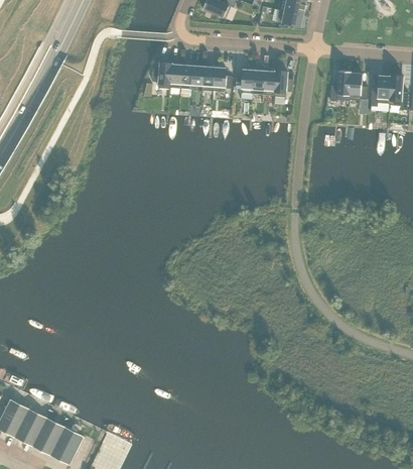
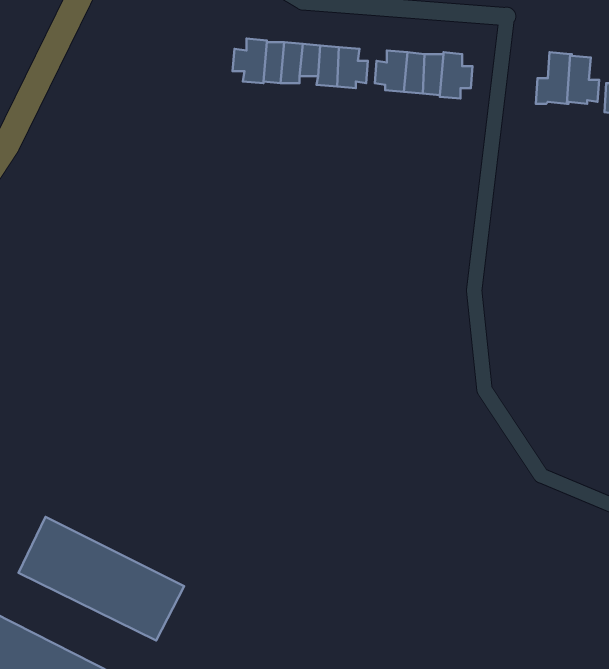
building: none -> [19,517,184,640]

